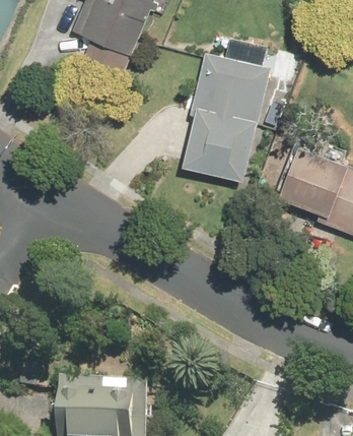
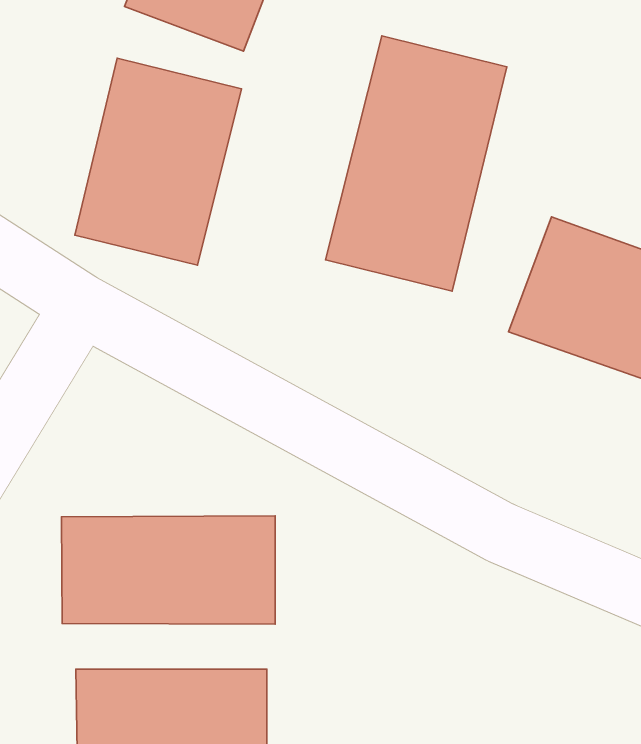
building: none -> [75,58,241,265]
building: none -> [62,516,275,624]

